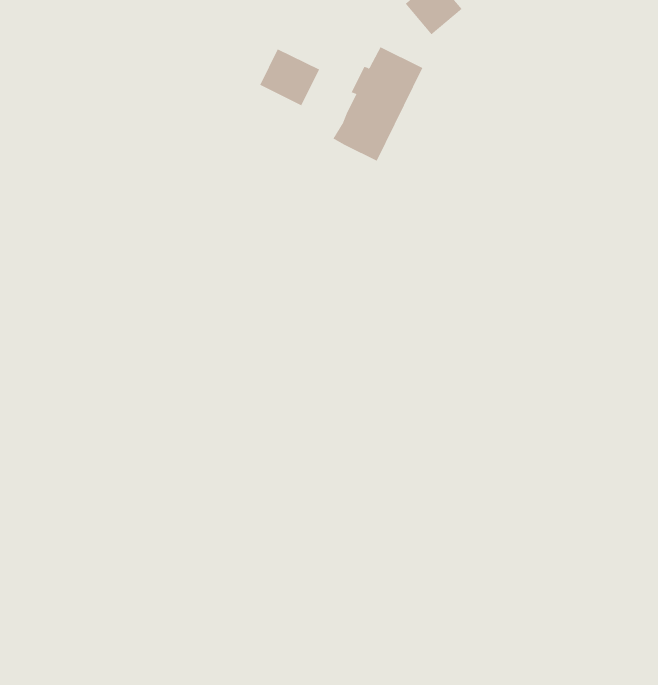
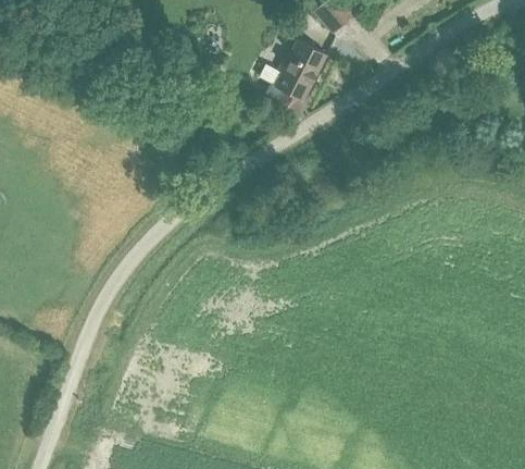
building: [260,48,320,106] -> none

